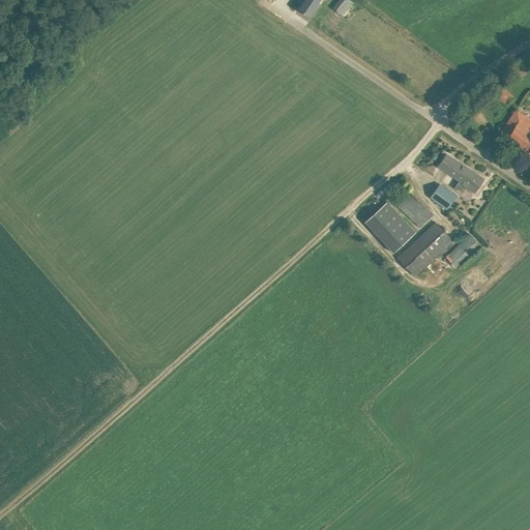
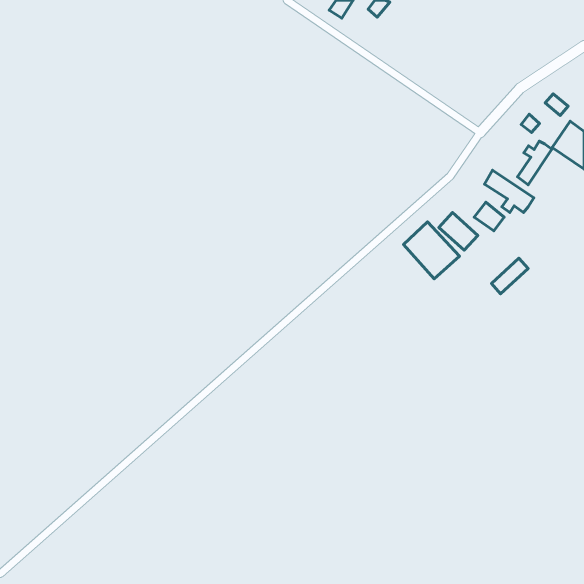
building: none -> [518,141,552,185]
building: [398,222,452,275] -> none

